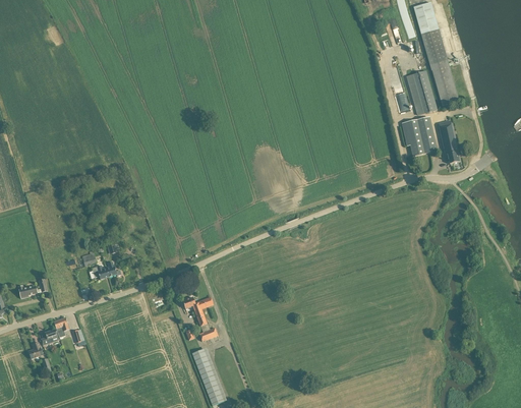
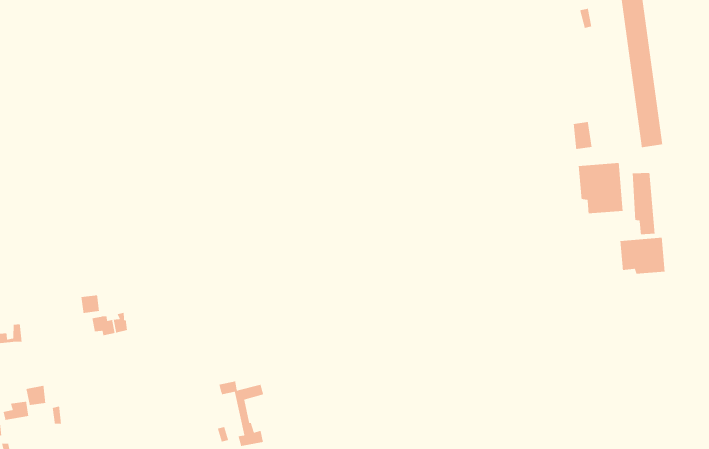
building: [404,71,437,116] -> none
building: none -> [619,237,665,275]

